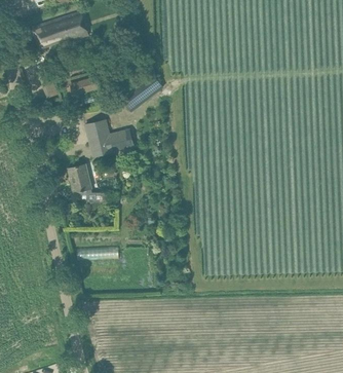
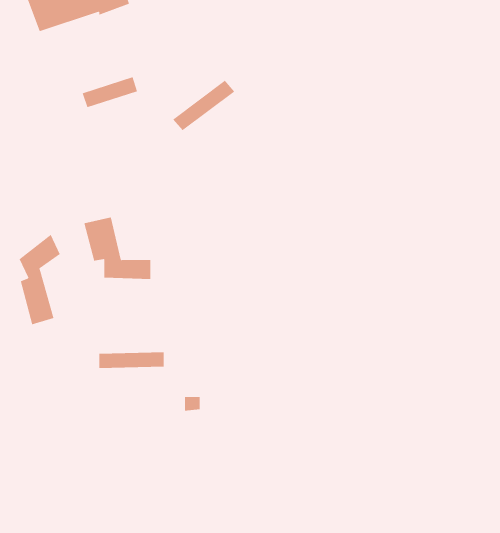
building: [84,118,134,156] -> none
building: none -> [19,234,60,325]

